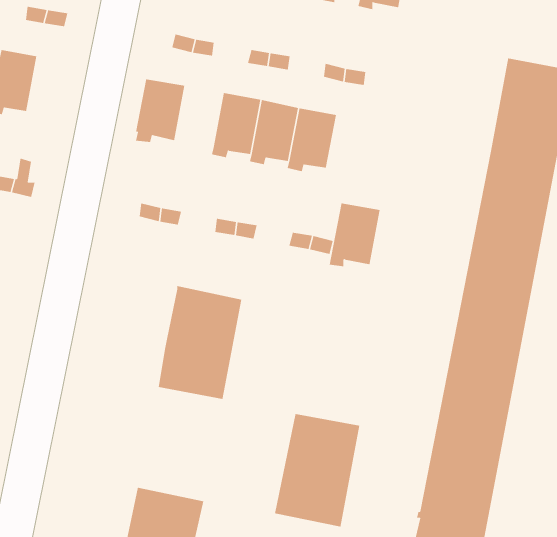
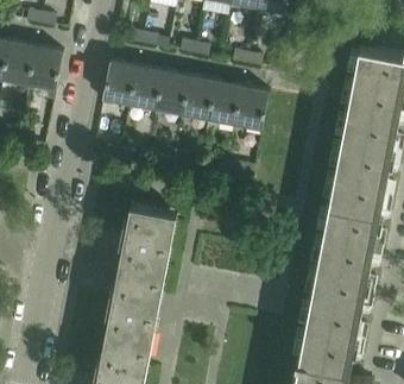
building: none -> [27,45,63,90]
building: none -> [128,65,163,109]
building: [329,203,380,267] -> [233,86,269,130]
building: [274,413,360,527] -> [103,273,163,352]

